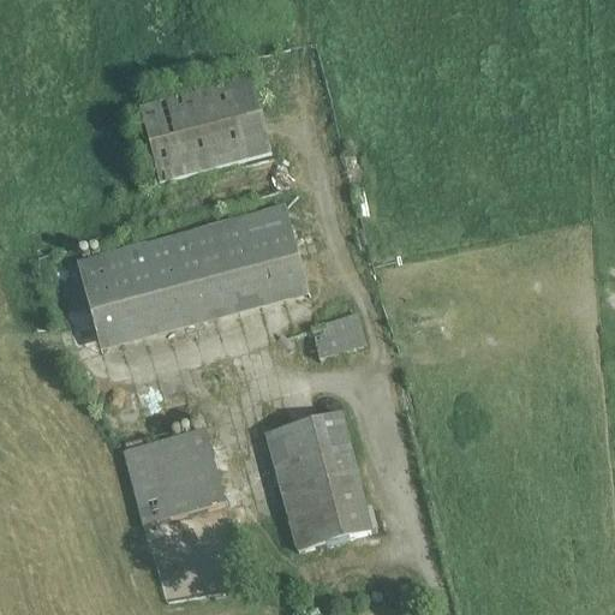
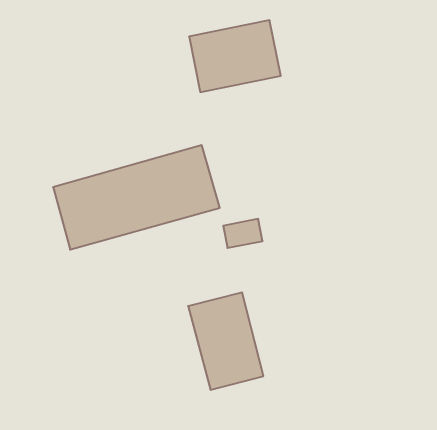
building: [147,73,275,174] -> [189,20,281,92]
building: [123,428,225,524] -> none

